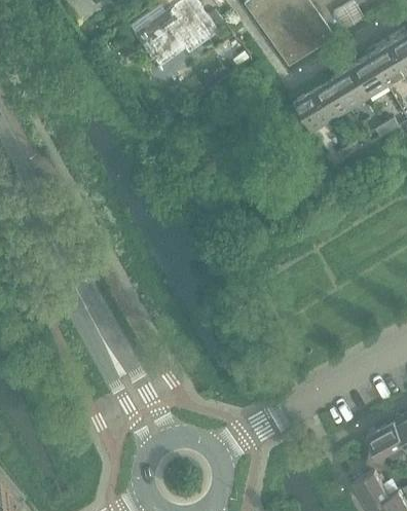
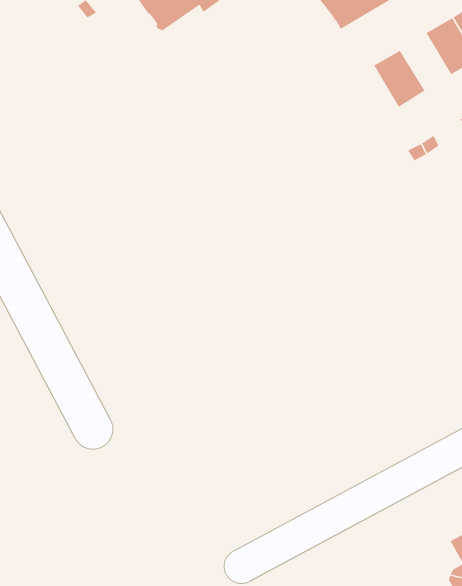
building: [331,67,368,109] -> none
building: [292,90,330,133] -> none

